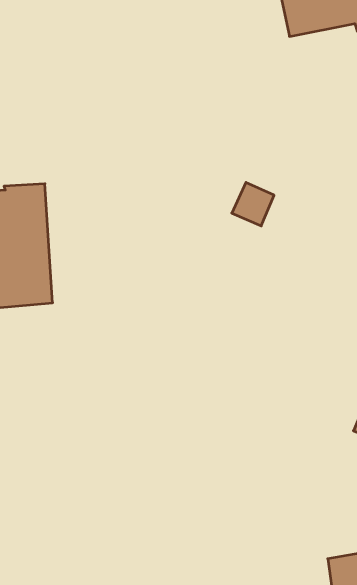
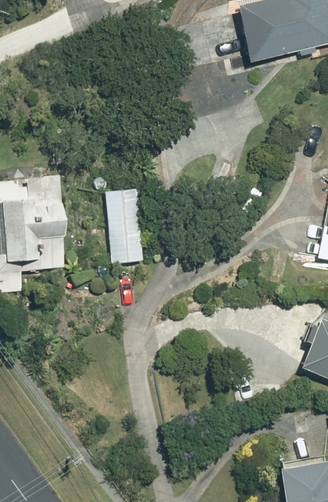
building: none -> [105,188,144,264]

